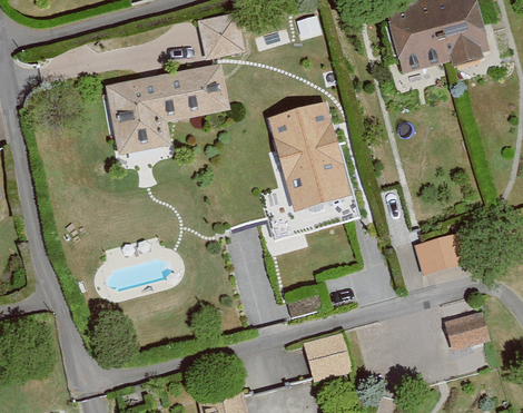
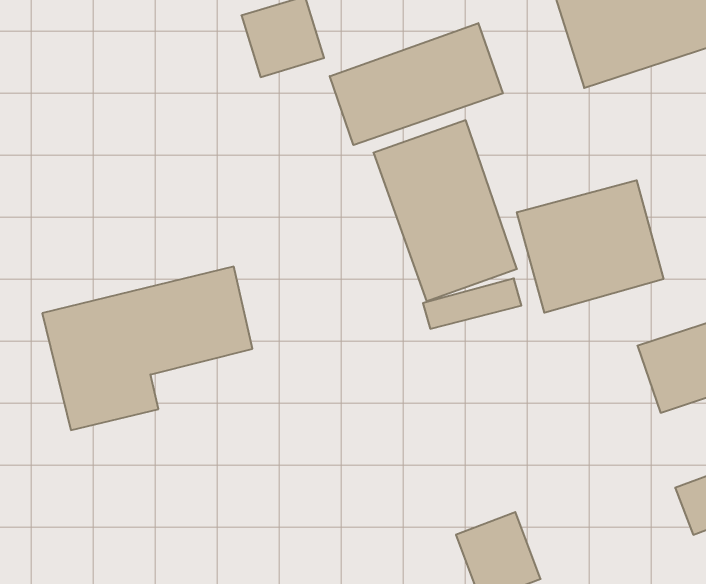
building: none -> [330,23,503,145]
building: [103,66,228,157] -> [42,267,252,430]
building: none -> [517,180,663,313]

